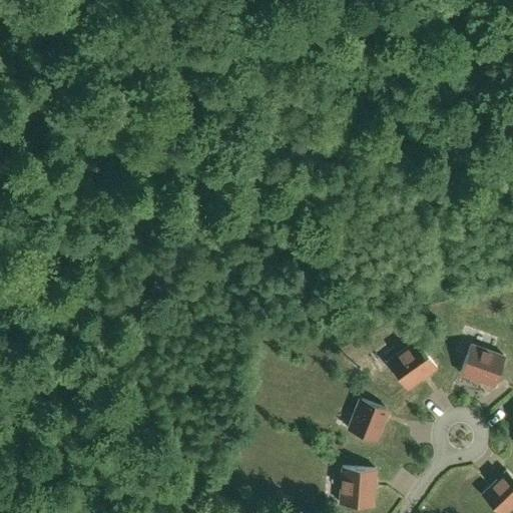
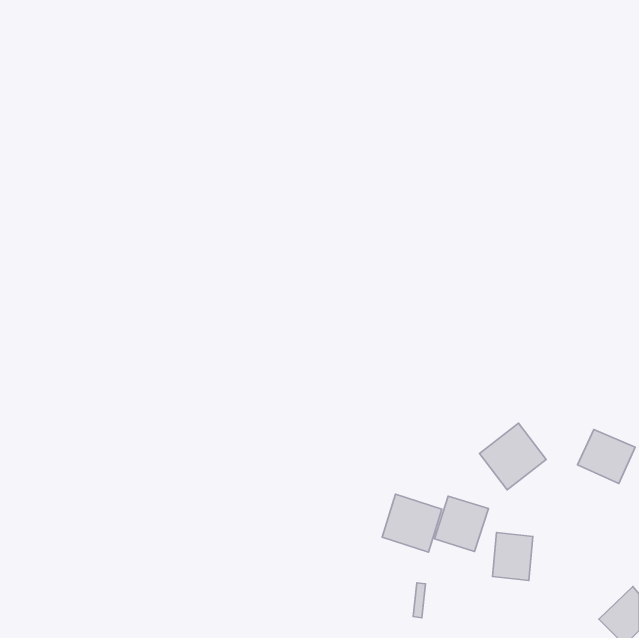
building: none -> [382,494,442,552]
building: [342,468,374,506] -> [493,533,533,580]

